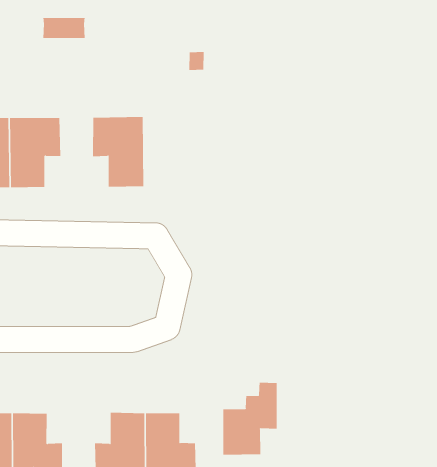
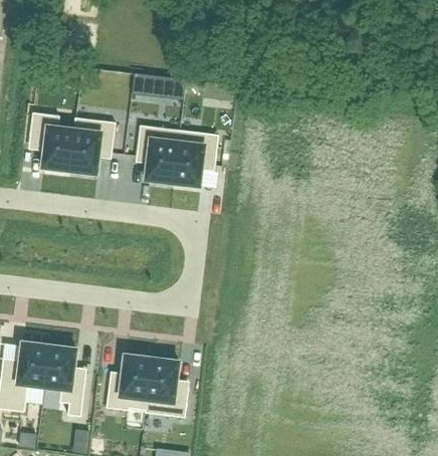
building: [42,17,85,38] -> [135,73,170,93]
building: none -> [172,130,217,187]
building: [223,382,277,456] -> none

